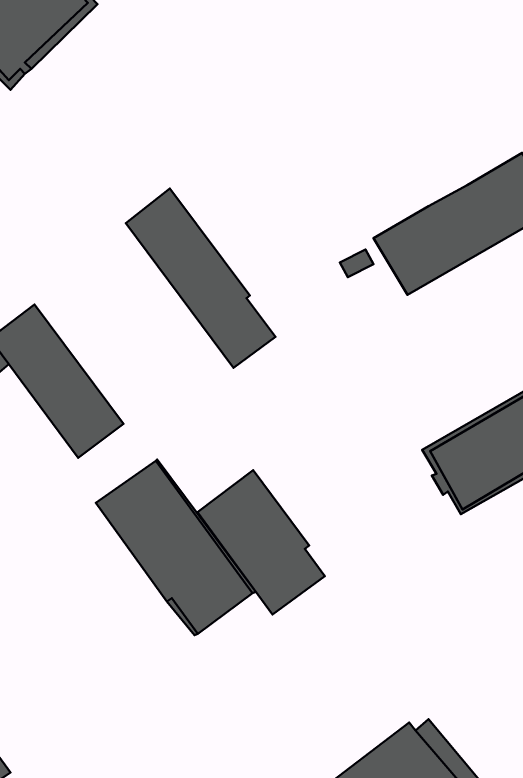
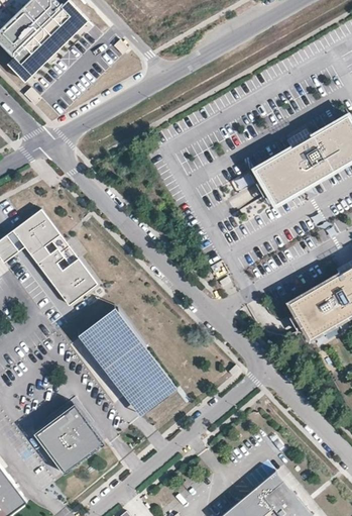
building: [126,189,275,368] -> none
building: [198,470,325,614] -> none
building: none -> [33,403,104,474]

